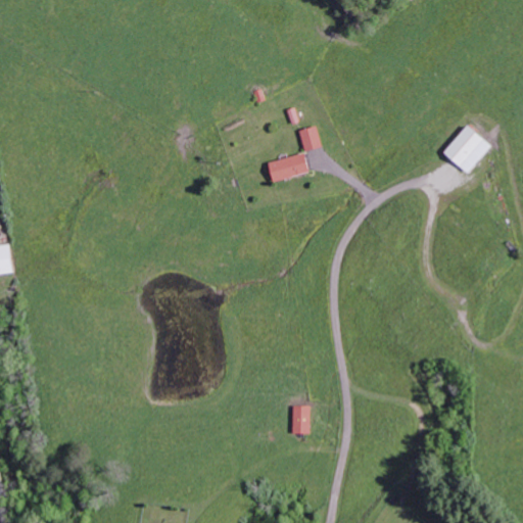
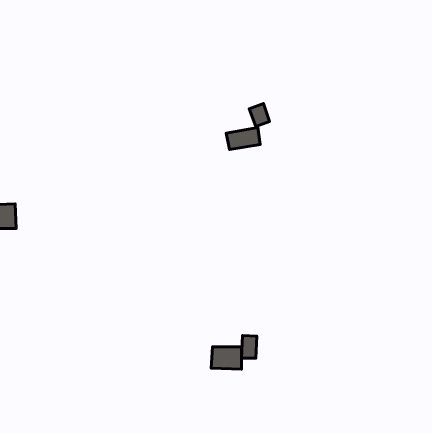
building: [440,124,487,172] -> none
building: none -> [211,347,242,369]

